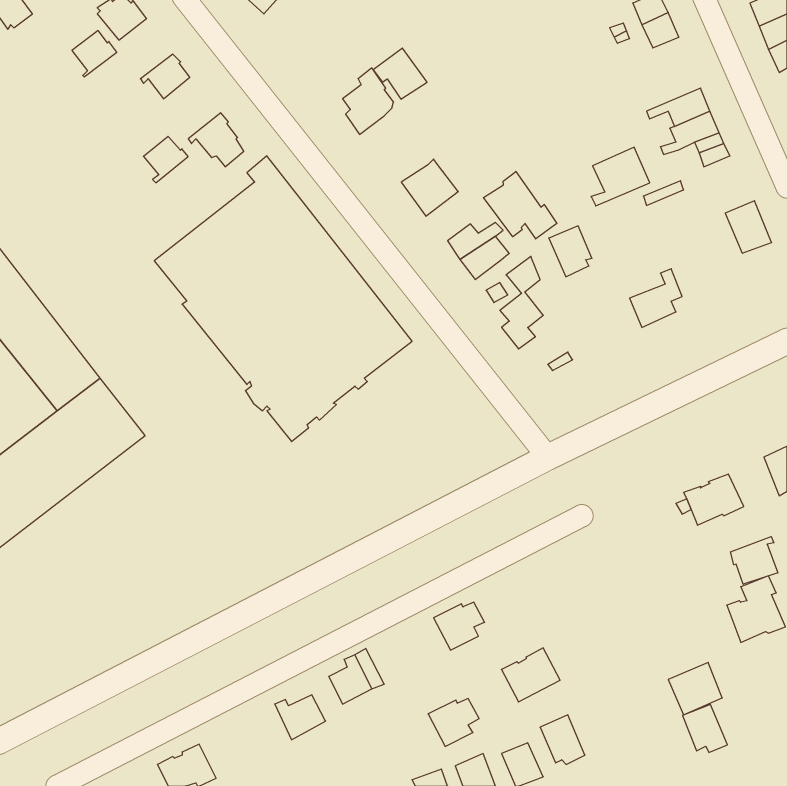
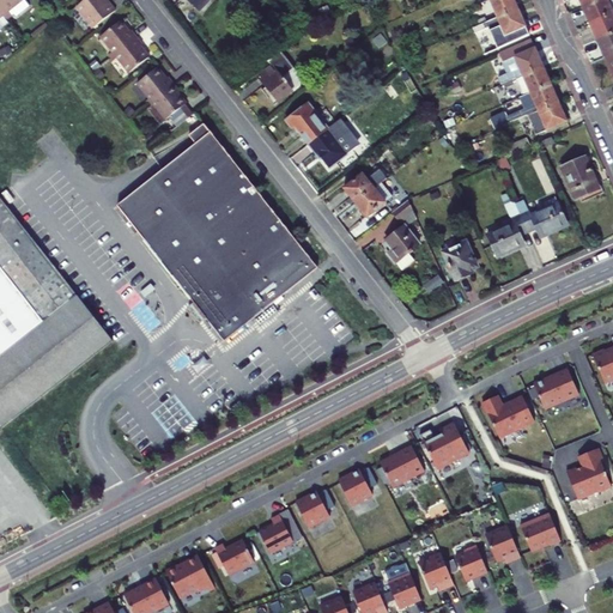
building: [72,31,117,77] -> [99,25,134,61]
building: [373,48,427,99] -> [290,102,332,141]
building: [143,136,188,183] -> [136,72,171,108]
building: [591,147,650,206] -> [498,41,544,86]
building: [483,171,557,239] -> none
building: [549,226,592,277] -> [444,241,478,280]
building: none -> [521,202,569,235]
building: none -> [480,394,533,437]
building: [731,537,778,584] -> none
building: none -> [418,423,467,467]
building: [501,648,560,702] -> [377,444,423,486]
building: [428,699,479,746] -> [293,488,333,526]
building: [683,705,727,752] -> [484,524,518,562]
building: none -> [456,547,487,581]
building: none -> [164,554,212,596]

